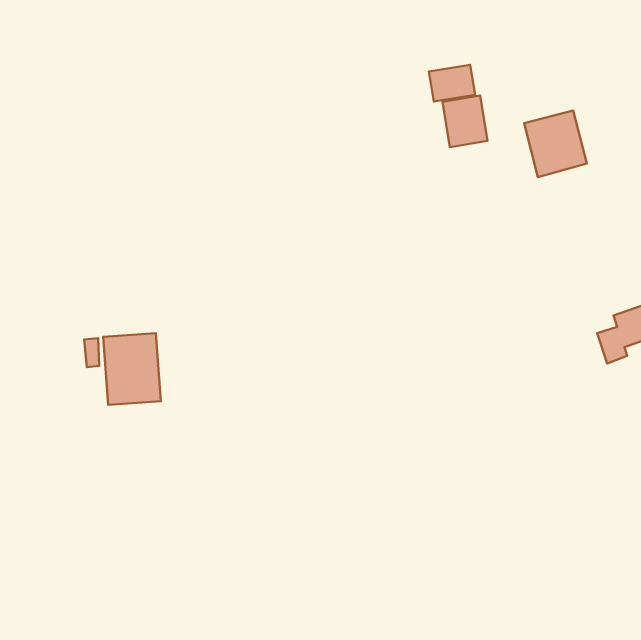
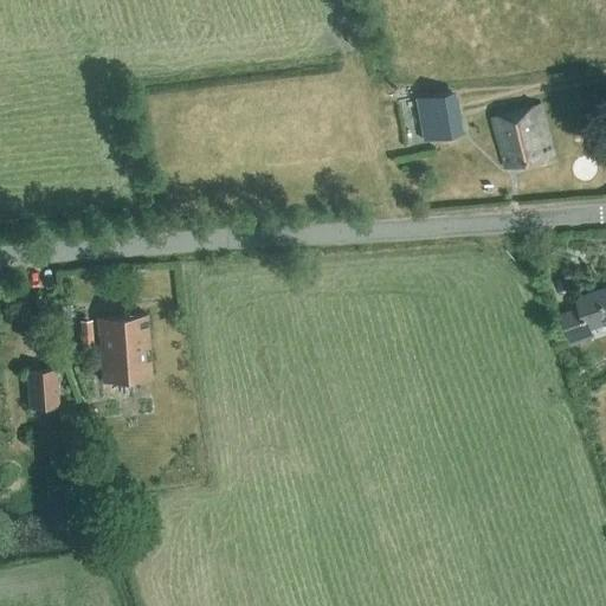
building: [429,65,475,102] -> none
building: none -> [27,370,58,411]

